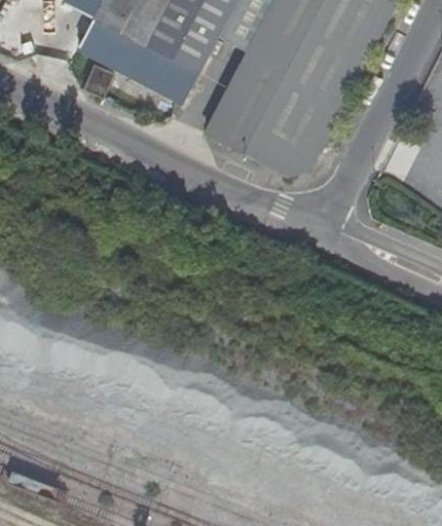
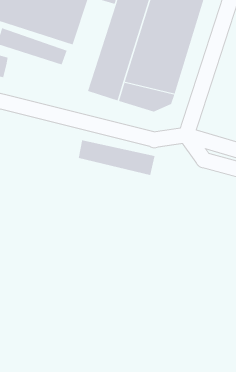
building: none -> [78,140,155,176]

